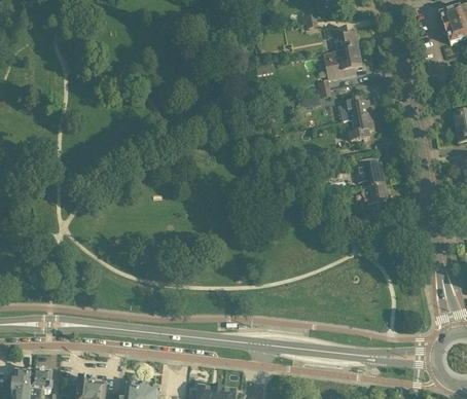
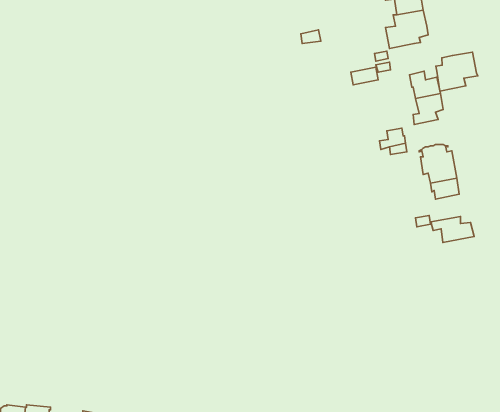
building: none -> [436,52,478,91]
building: none -> [431,216,474,243]

